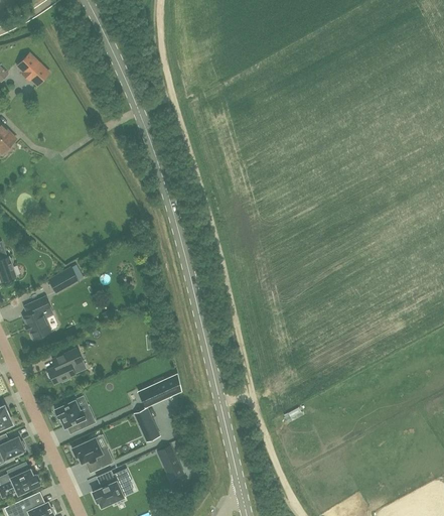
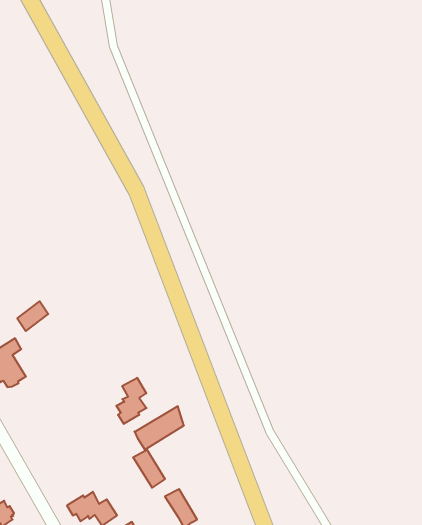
building: none -> [116,378,147,424]
building: [47,349,82,384] -> none
building: [54,399,92,428] -> none

